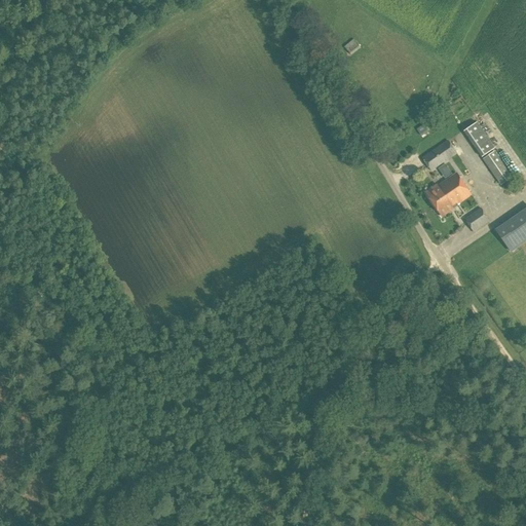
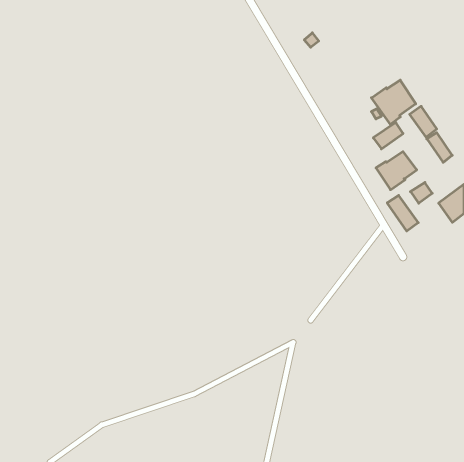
building: none -> [371,80,416,124]
building: none -> [387,195,418,231]

